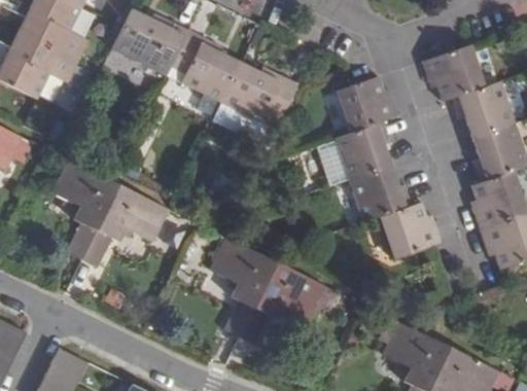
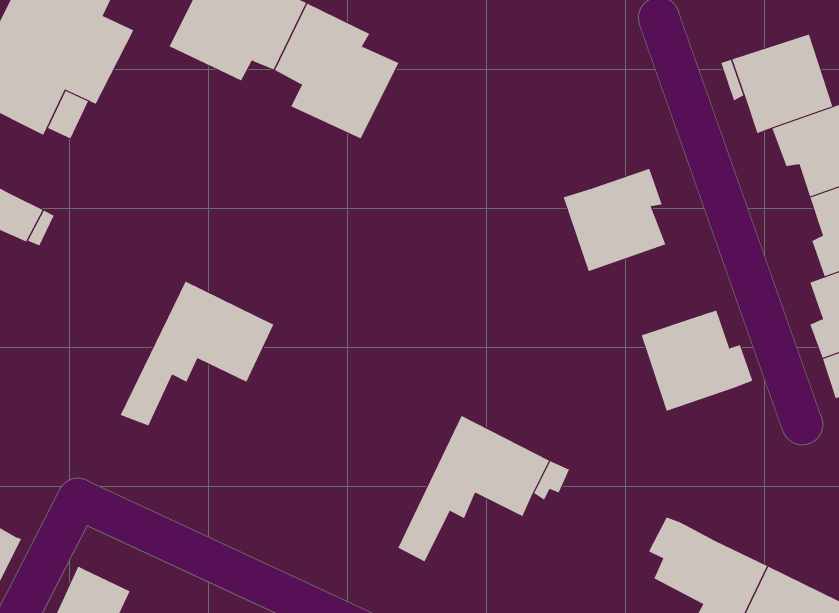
building: [217,62,296,126] -> none
building: [333,75,395,133] -> none
building: [52,161,117,261] -> none
building: [346,165,410,221] -> none
building: [209,238,274,336] -> none

